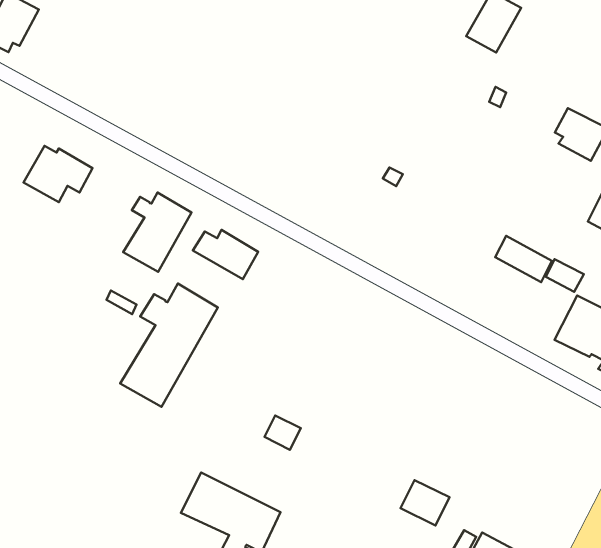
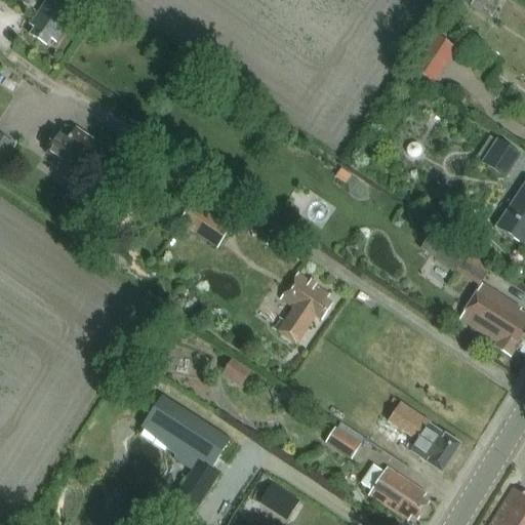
building: [123,193,192,272] -> none
building: [120,283,218,407] -> none
building: none -> [279,273,334,344]
building: none -> [390,402,460,469]

